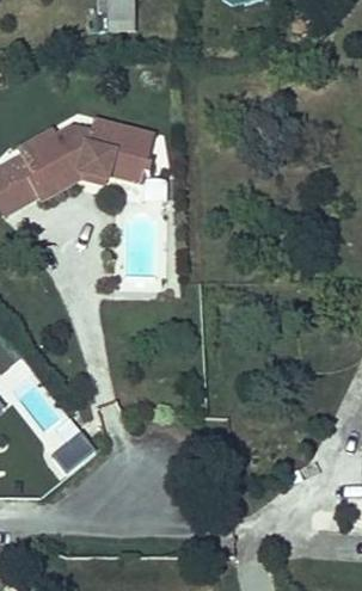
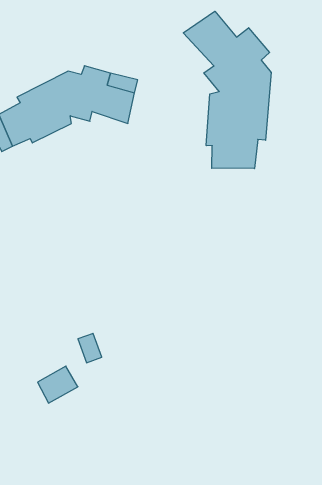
building: none -> [183,11,271,169]

